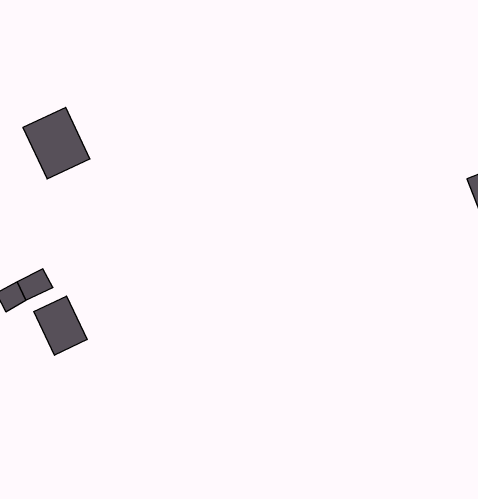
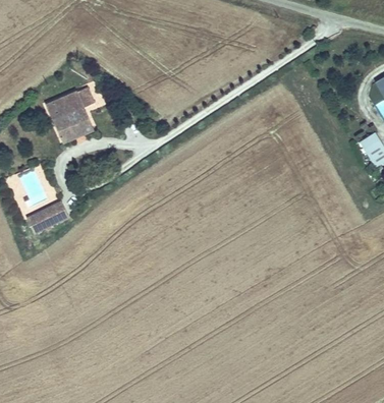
building: [34,296,87,355] -> none

